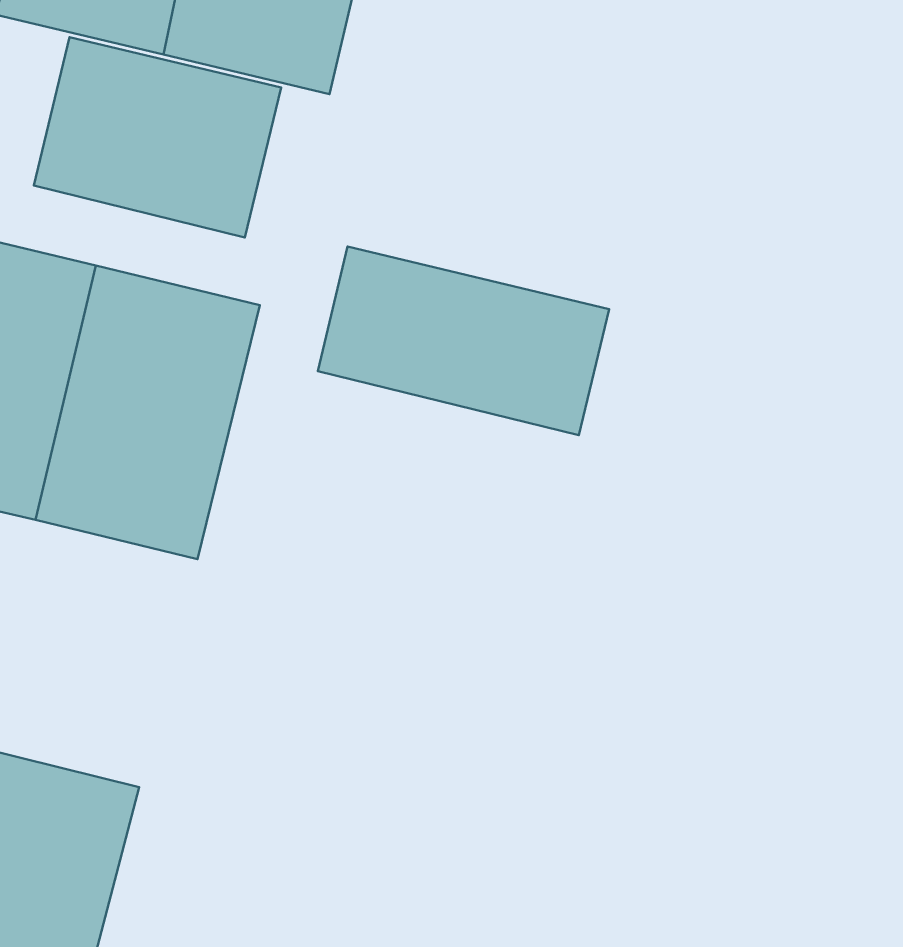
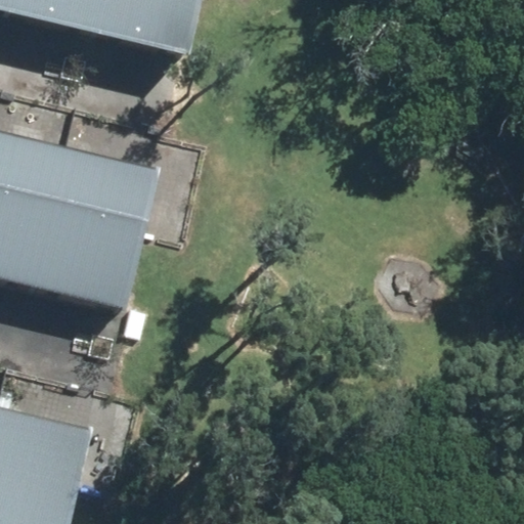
building: [34,37,281,237] -> none
building: [318,247,609,435] -> none

